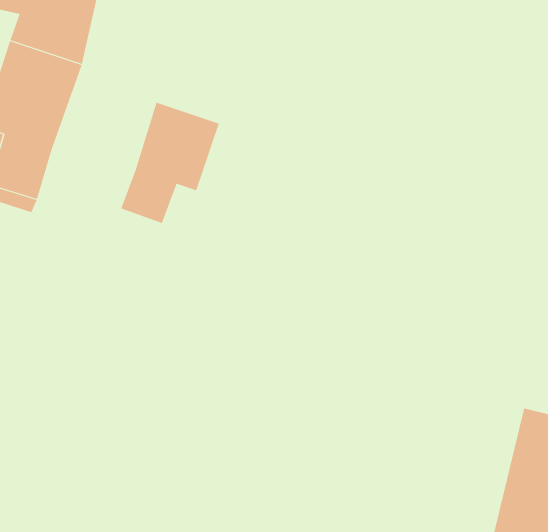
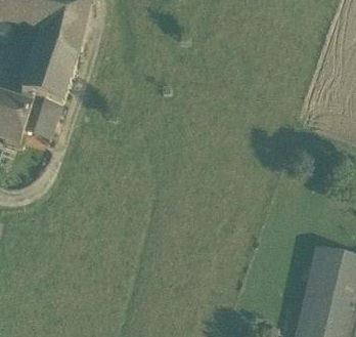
building: [120,102,220,224] -> none

